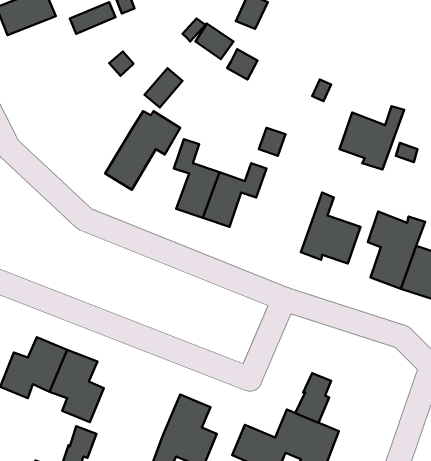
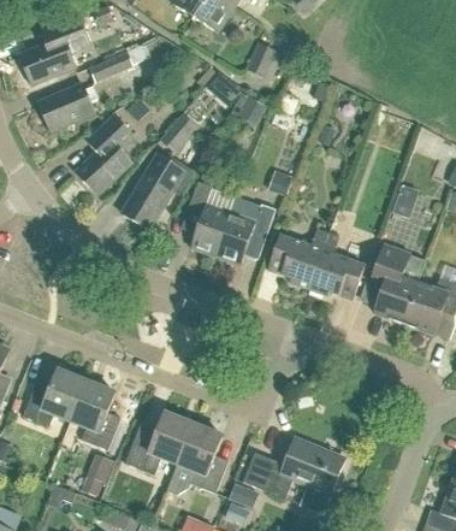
building: none -> [39,84,95,130]
building: none -> [76,114,134,194]
building: [339,106,404,170] -> [267,228,328,288]
building: [295,373,331,423] -> none
building: none -> [125,412,194,474]

